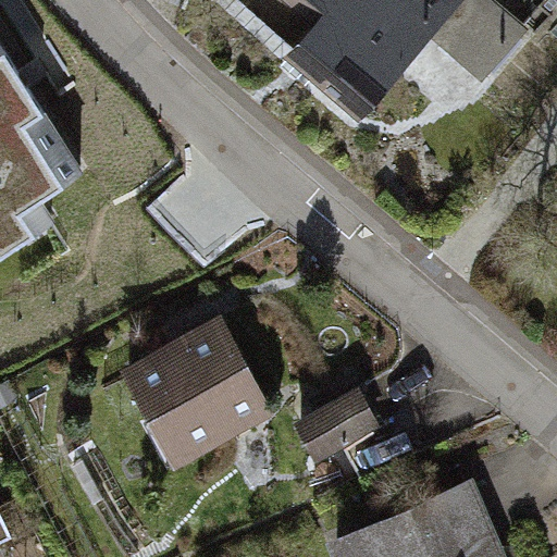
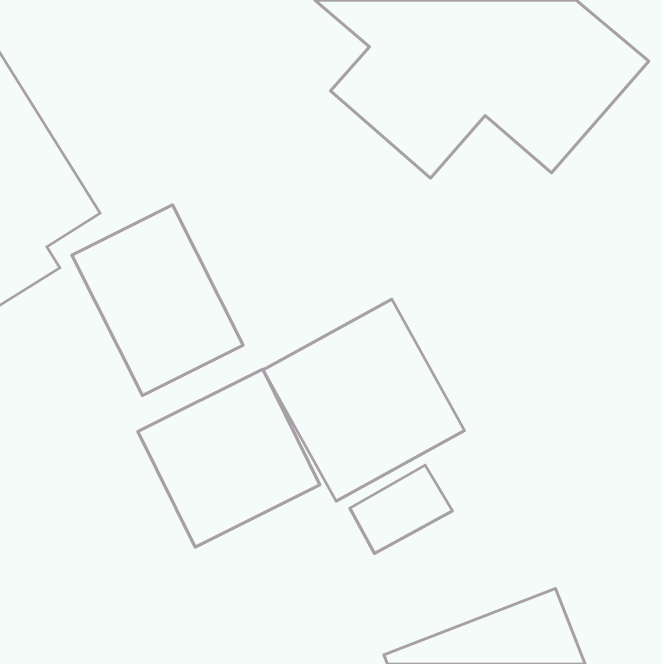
building: none -> [72,205,243,396]
building: none -> [263,299,465,501]

